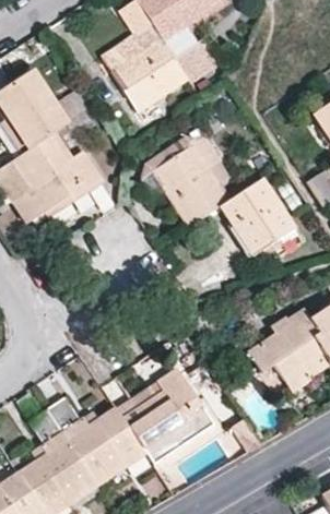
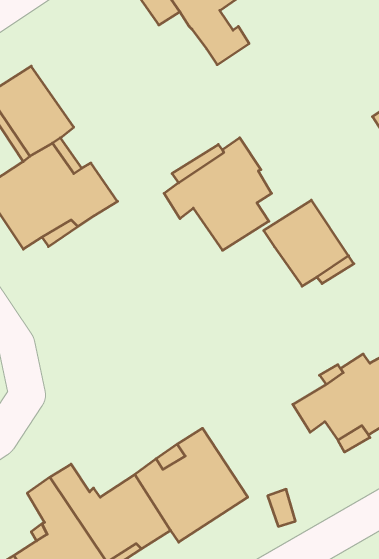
building: [111,38,188,108] -> none

